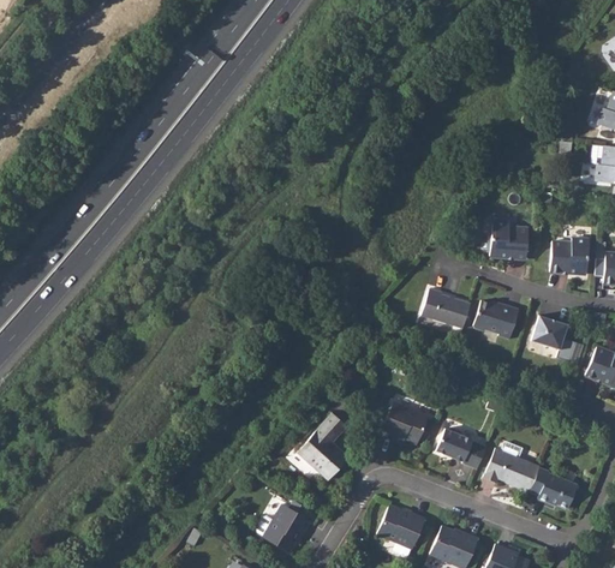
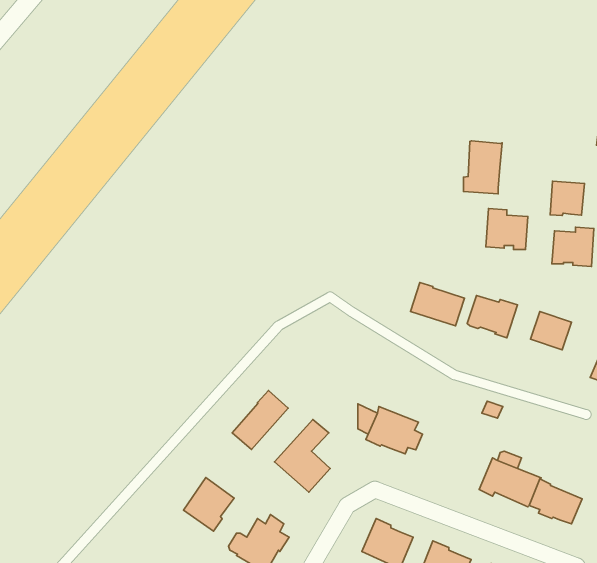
building: none -> [463,141,502,194]
building: none -> [550,181,585,216]
building: none -> [232,391,288,449]
building: [436,428,486,470] -> none
building: none -> [184,478,234,531]

